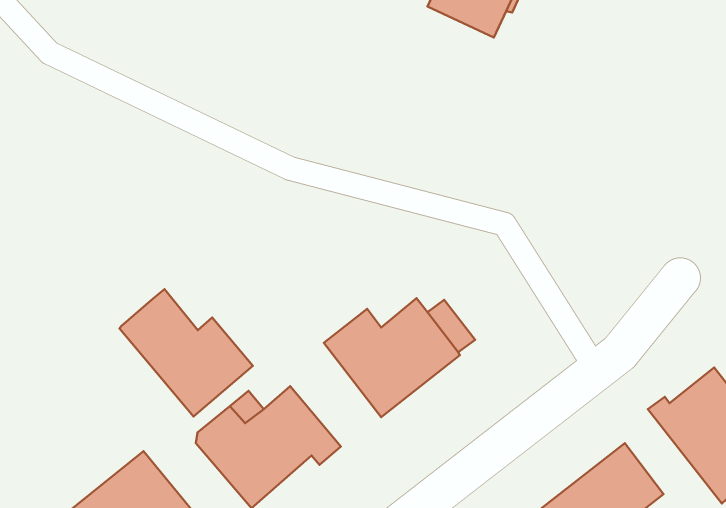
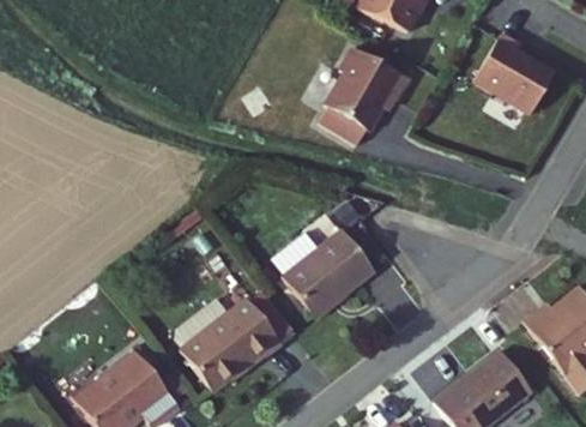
building: none -> [471,32,552,113]
building: none -> [320,47,403,131]
building: [119,289,253,417] -> none

